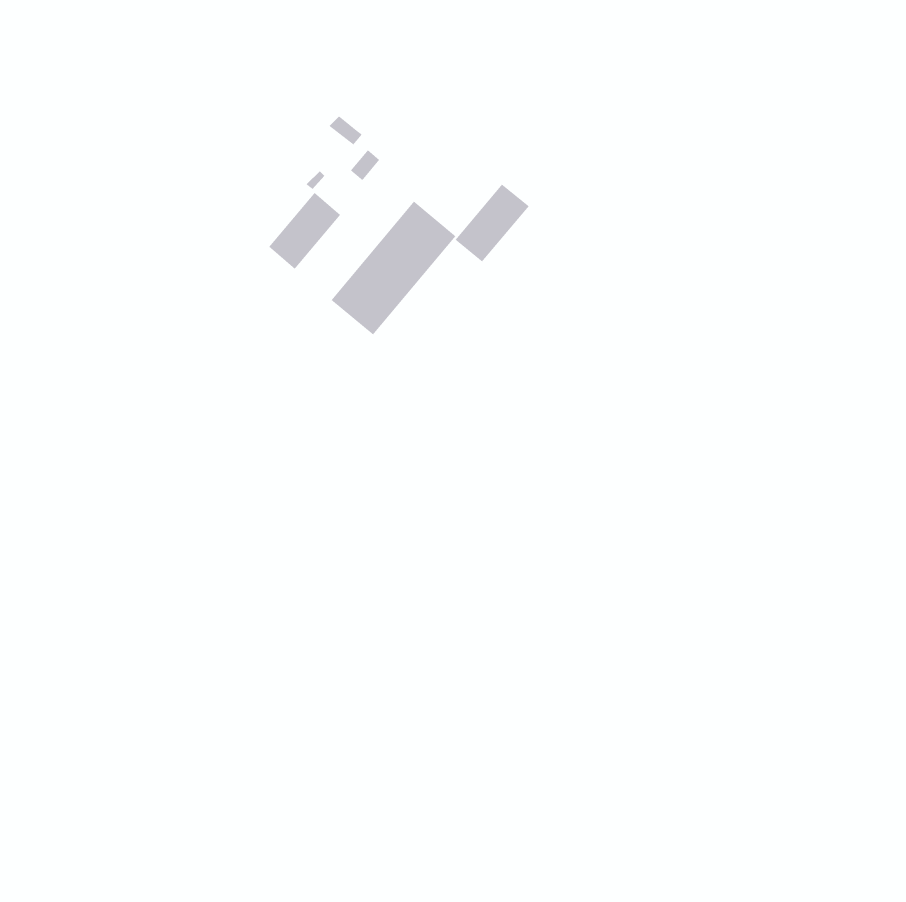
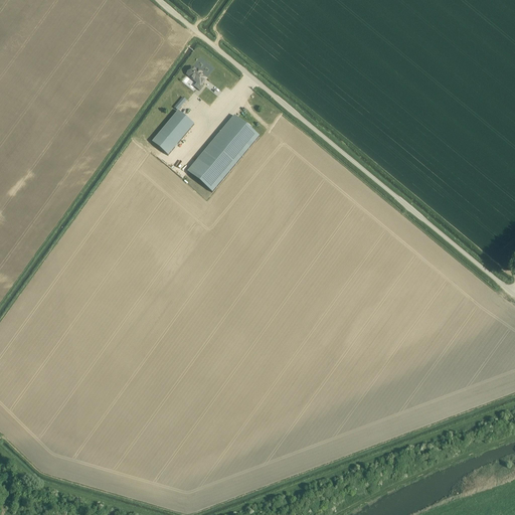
building: [454,183,530,263] -> none

